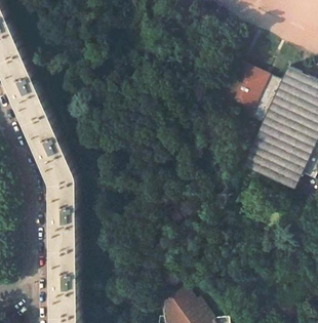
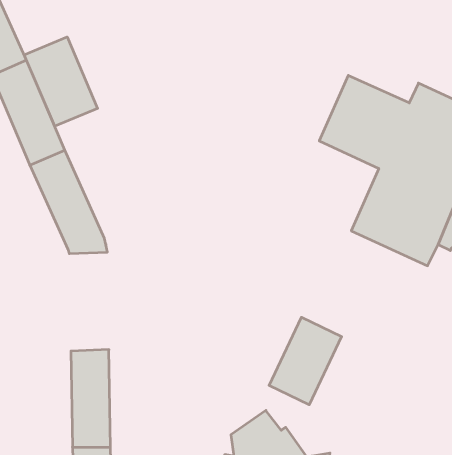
building: none -> [24,37,98,126]
building: [50,178,77,245] -> none
building: none -> [269,317,342,405]

